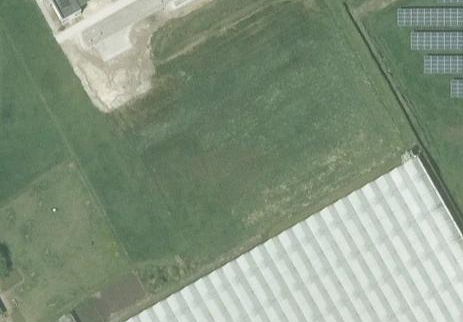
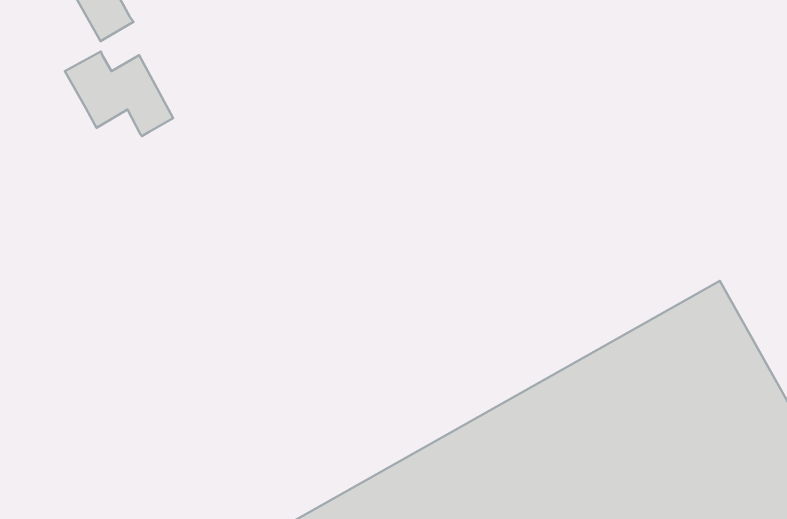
building: none -> [65,52,173,136]

